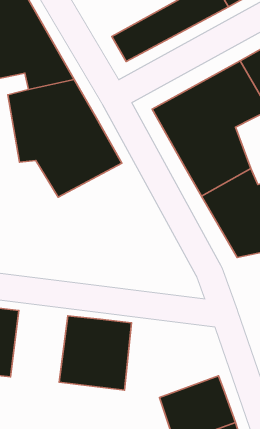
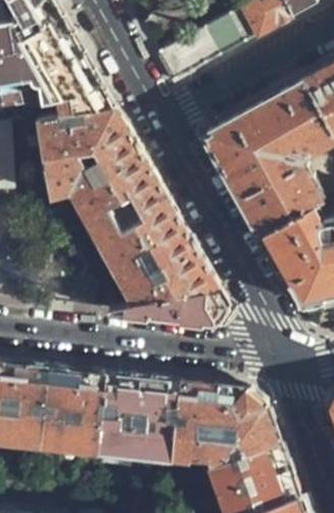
building: none -> [94,205,227,324]
building: none -> [40,373,106,455]
building: none -> [170,387,278,472]

